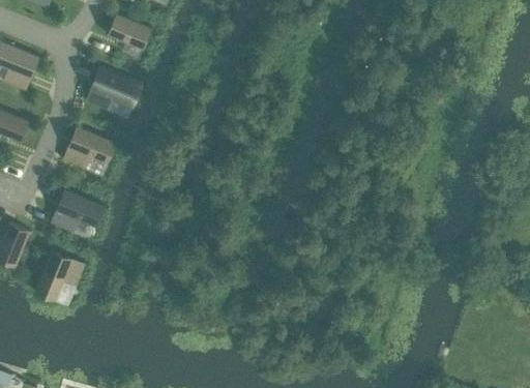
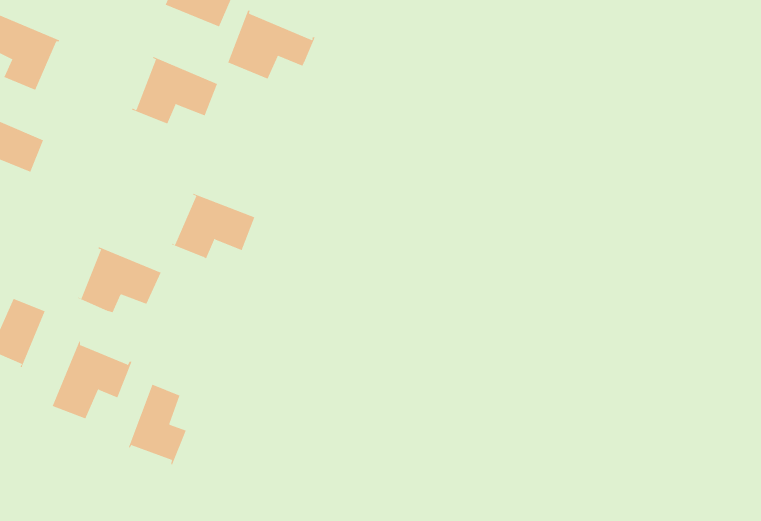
building: none -> [227,10,315,80]
building: [62,126,116,169] -> [171,193,255,259]
building: none -> [128,384,186,466]

